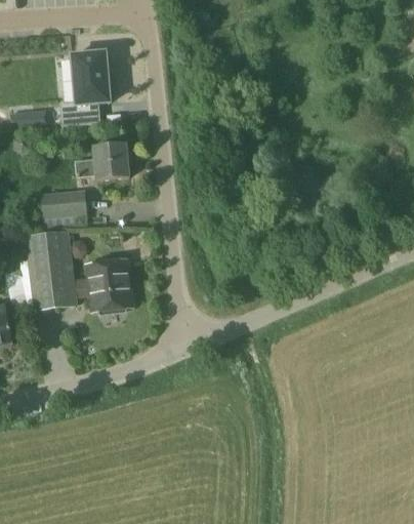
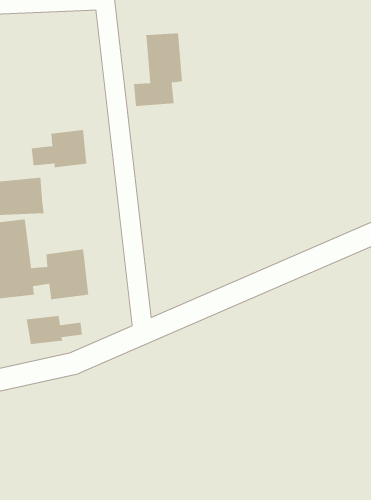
building: [58,52,108,125] -> [133,33,183,107]
building: none -> [26,315,82,345]

